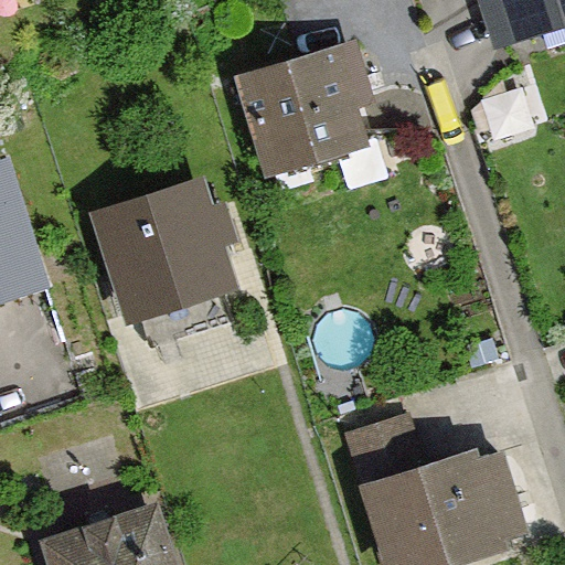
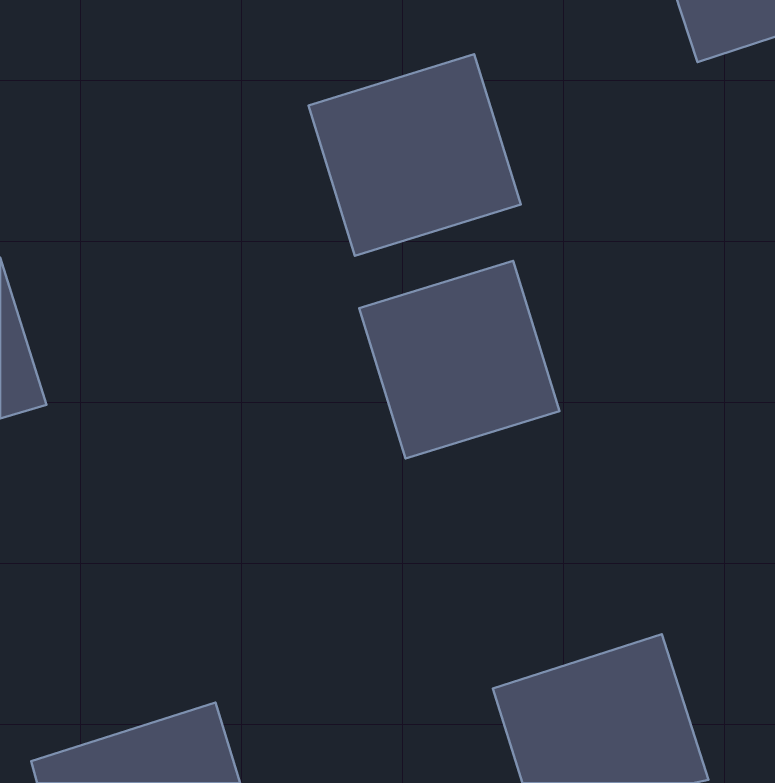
building: [88,179,238,323] -> none
building: none -> [359,261,560,458]

